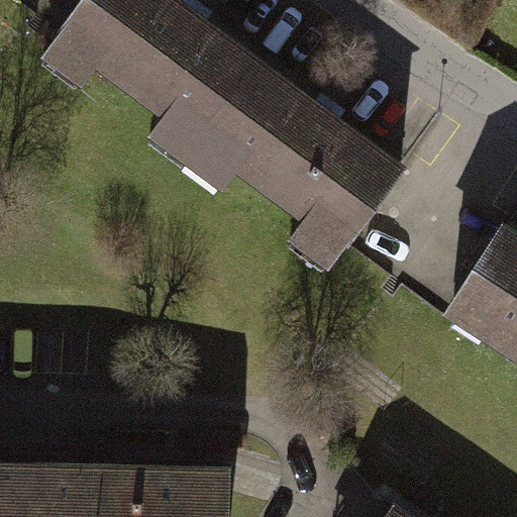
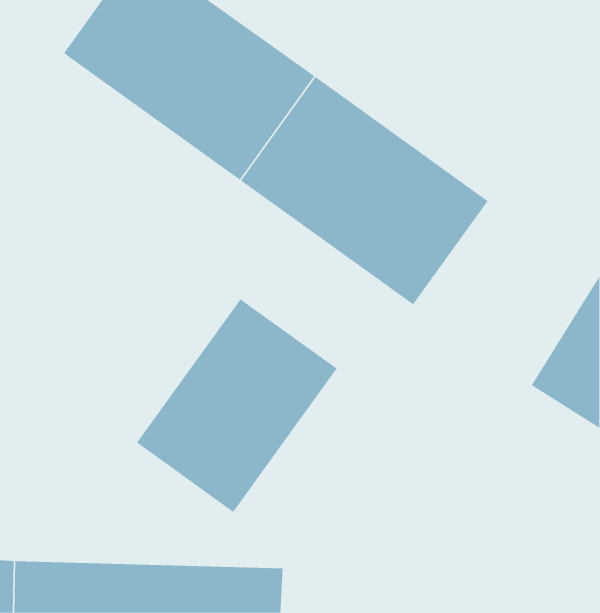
building: none -> [136,298,337,513]

